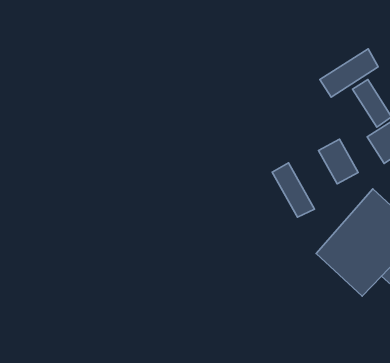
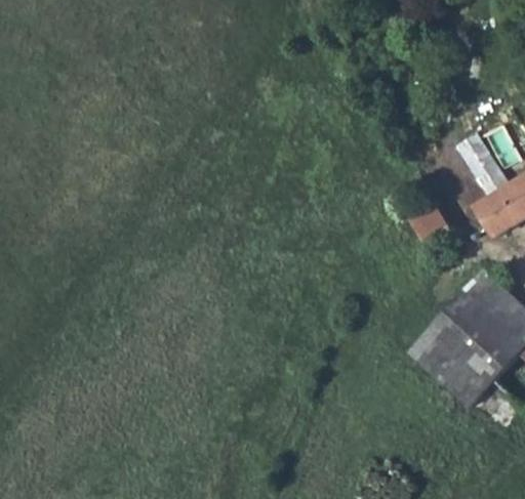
building: [320,49,378,97] -> none
building: [272,163,314,217] -> none

